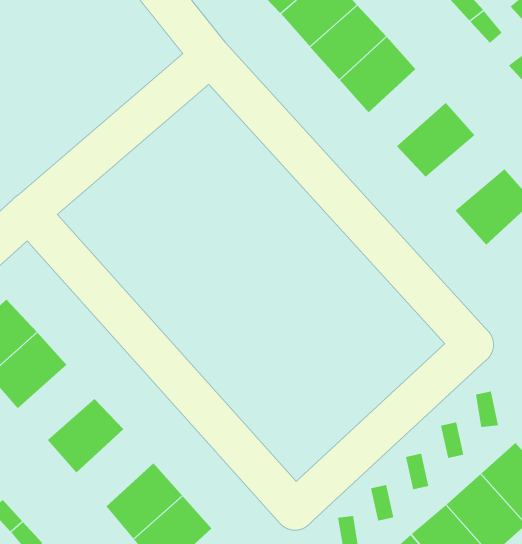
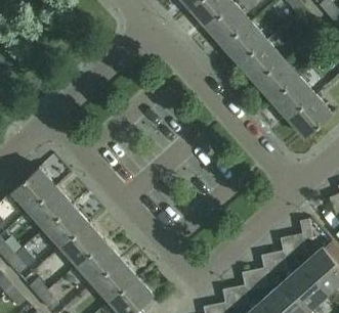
building: none -> [240,40,283,83]
building: none -> [271,77,315,119]
building: none -> [44,205,87,247]
building: none -> [77,240,120,283]

